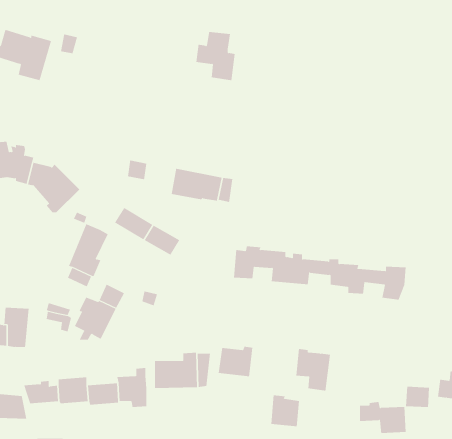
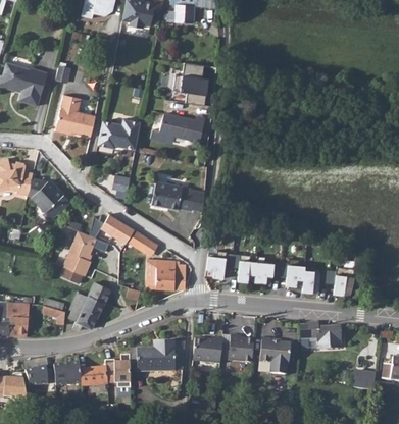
building: none -> [55,95,95,137]
building: none -> [150,113,203,143]
building: none -> [97,119,140,149]
building: none -> [147,260,186,289]
building: [270,395,300,427] -> [228,334,253,362]
building: [359,402,406,433] -> [300,322,341,350]

